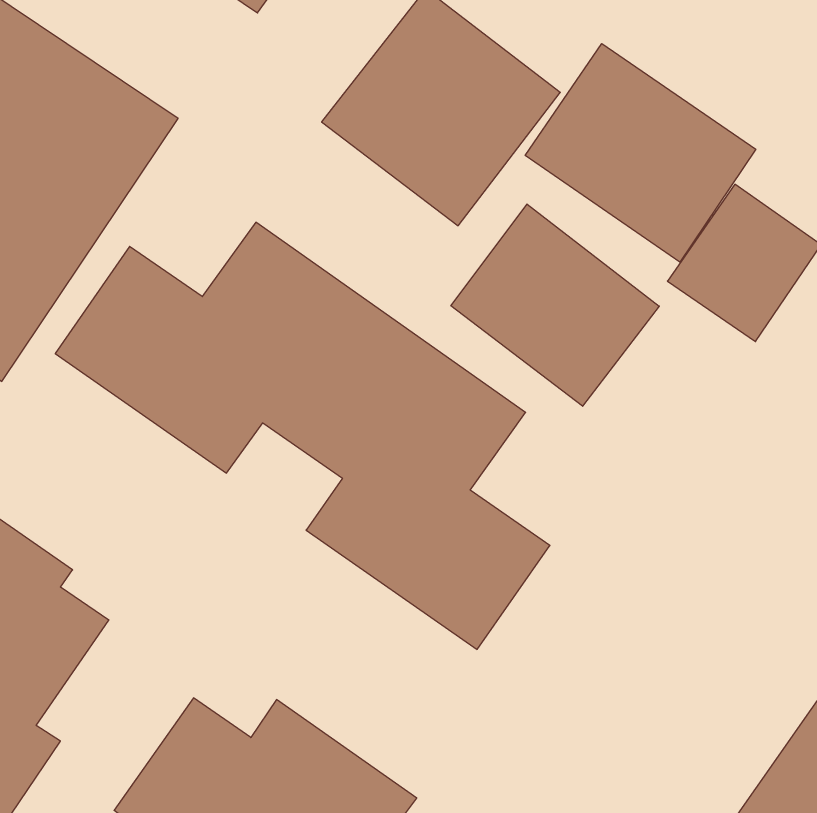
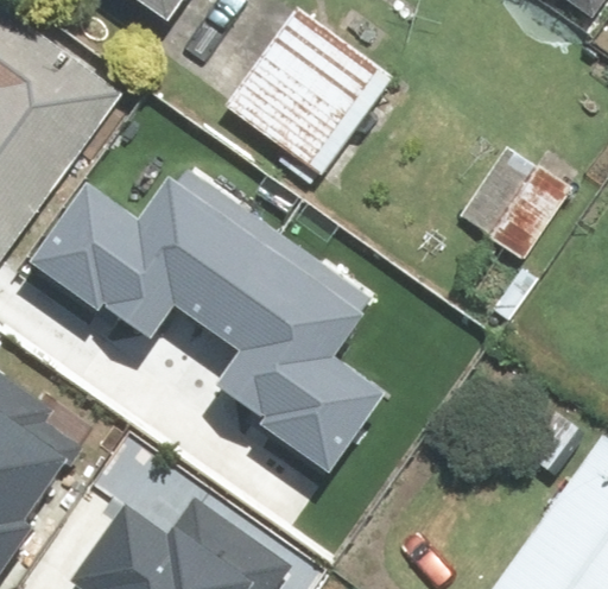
building: [525,44,756,262] -> none
building: [451,204,659,406] -> none

